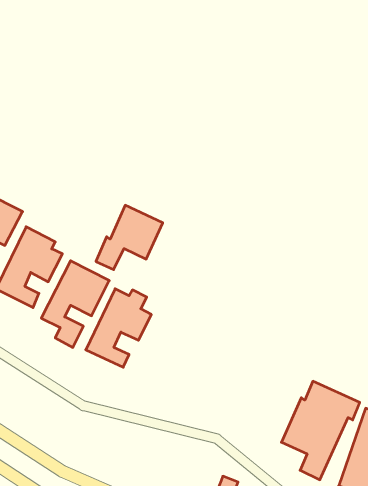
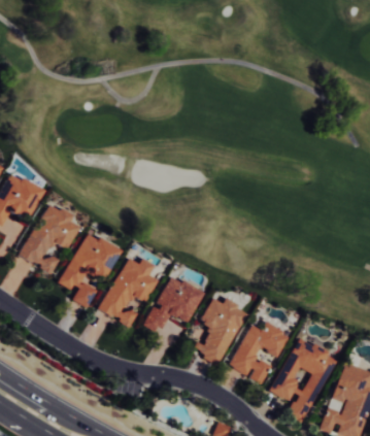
building: [96,205,163,270] -> [144,275,203,332]
building: none -> [194,297,247,364]
building: none -> [231,323,289,384]

